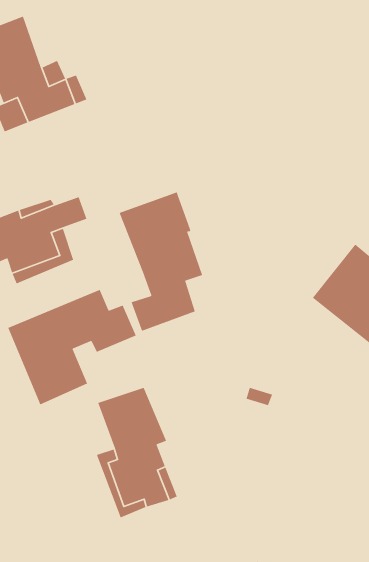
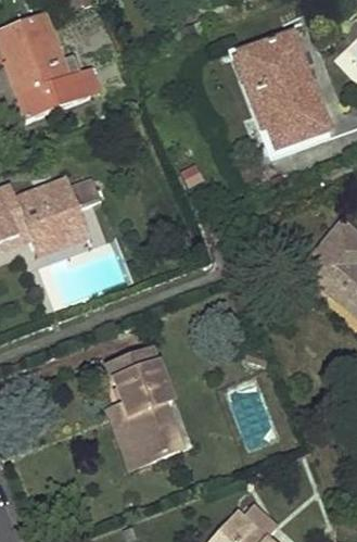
building: none -> [239,34,330,150]
building: [119,191,203,332] -> none
building: [7,289,137,405] -> none

